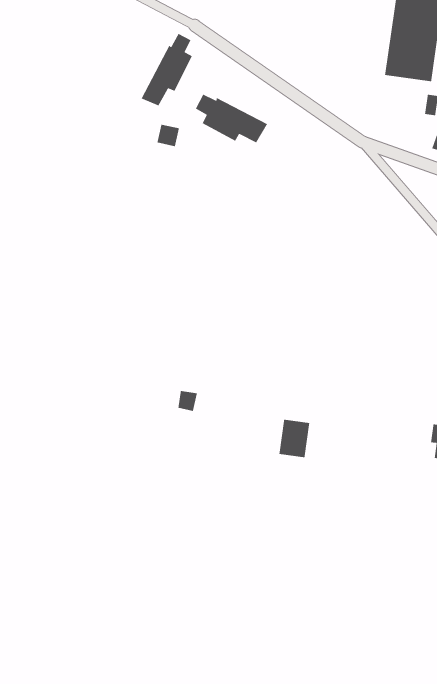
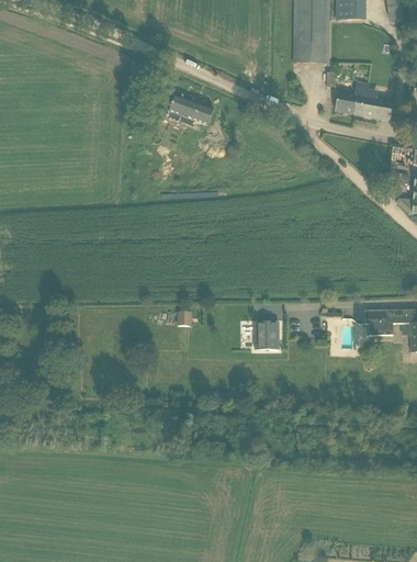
building: [141,33,193,107] -> none

